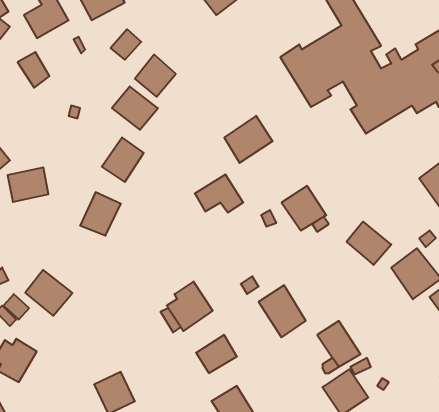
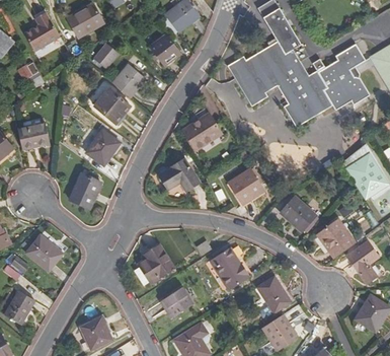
building: none -> [148,32,180,66]
building: [8,167,48,202] -> [17,122,50,149]

